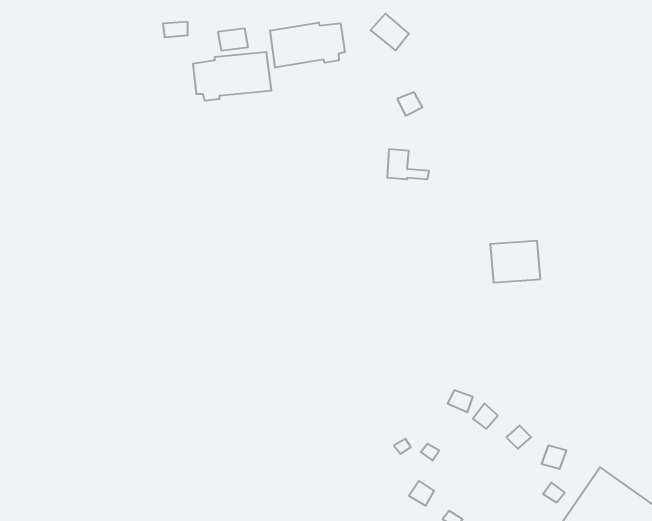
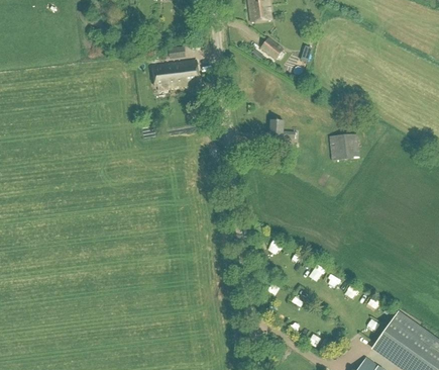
building: [270,22,345,68] -> none
building: [490,241,540,283] -> [330,133,360,159]

